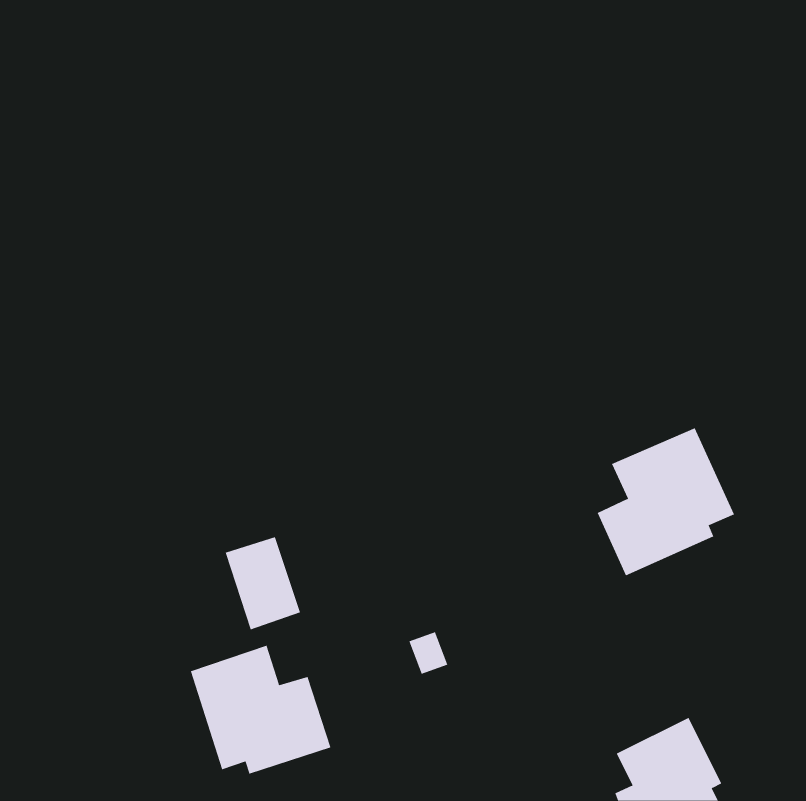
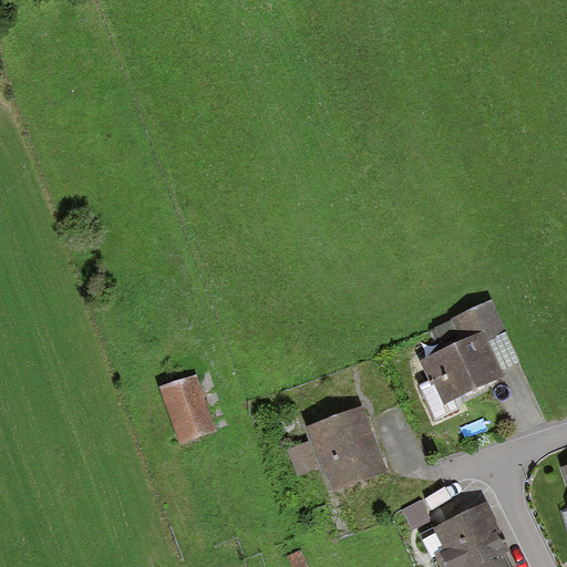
building: none -> [306,405,385,491]
building: [190,645,331,775] -> none

